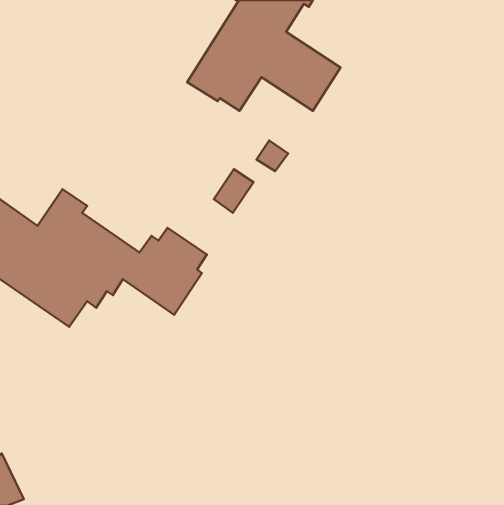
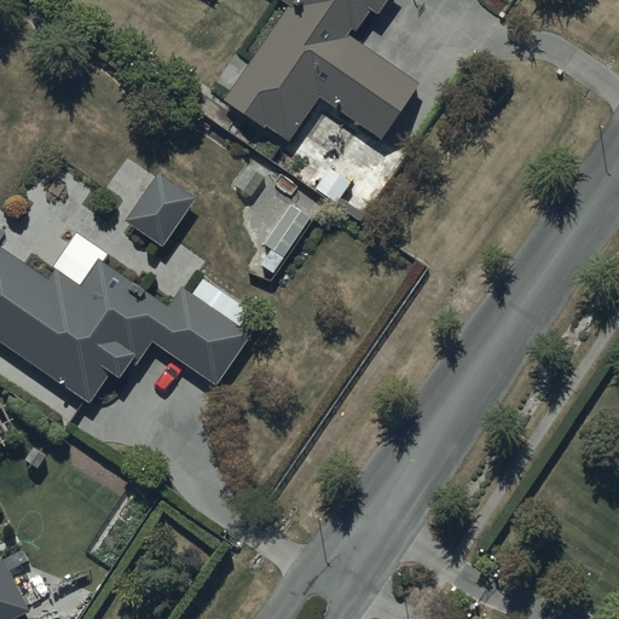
building: none -> [125,170,192,242]

